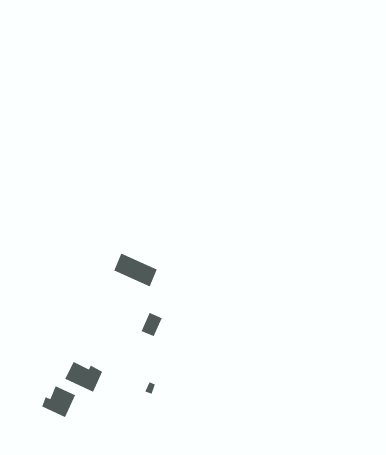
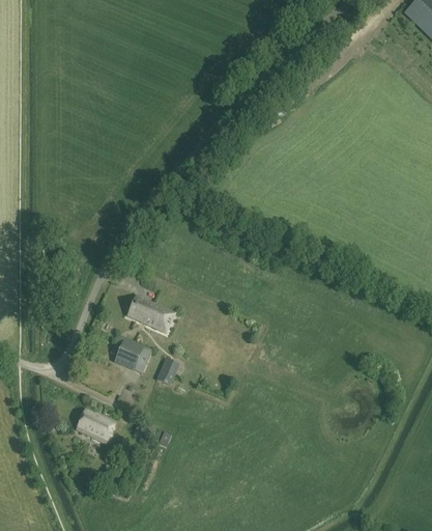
building: none -> [108,335,150,374]
building: [41,385,76,418] -> none

